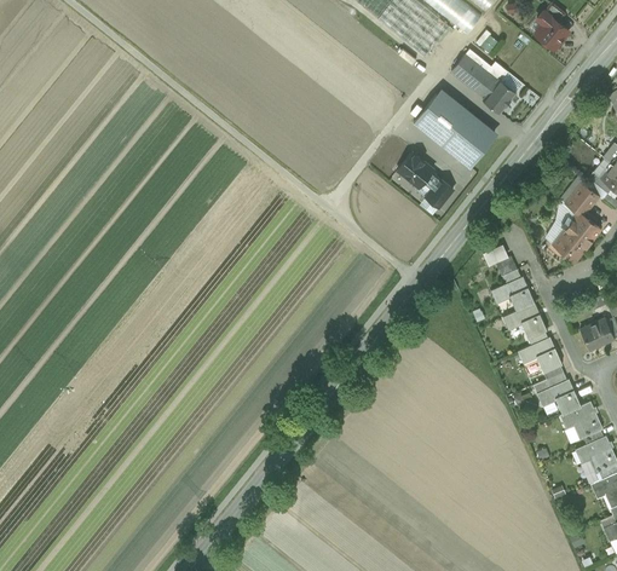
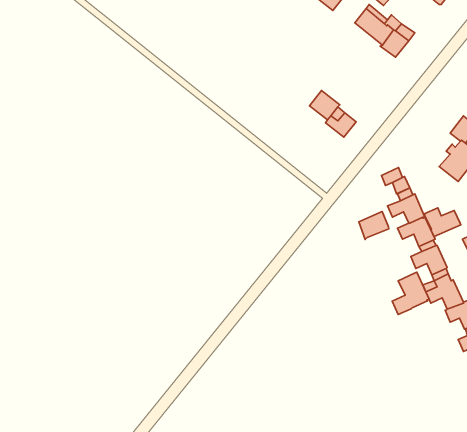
building: [413,88,497,168] -> none
building: none -> [424,208,461,236]
building: none -> [359,211,389,239]
building: none -> [392,272,429,315]

